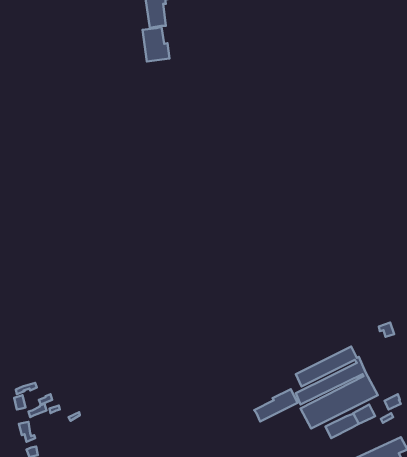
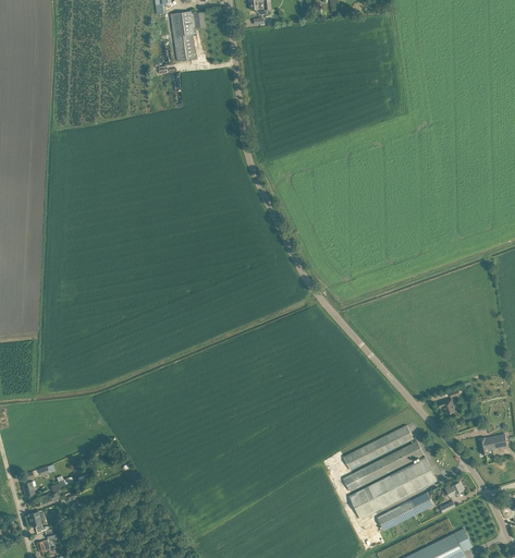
building: [142,27,170,62] -> none
building: [254,389,297,421] -> none

